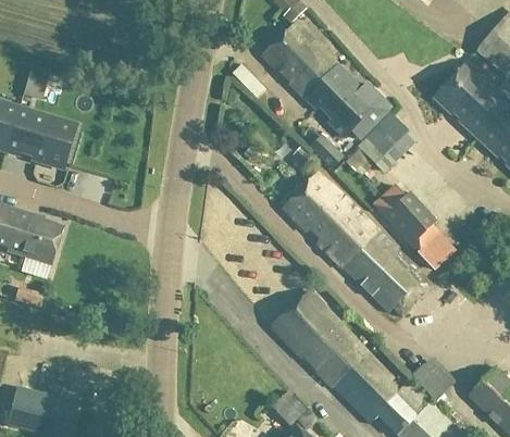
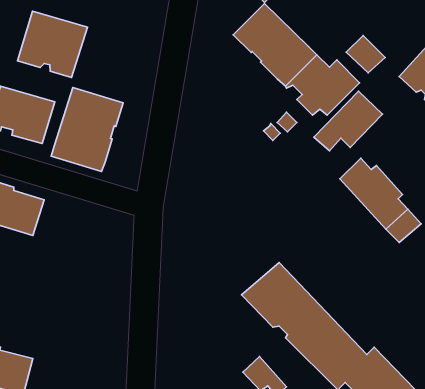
building: none -> [18,11,87,77]
building: none -> [346,36,385,73]
building: none -> [51,88,123,171]
building: [281,172,431,314] -> none

